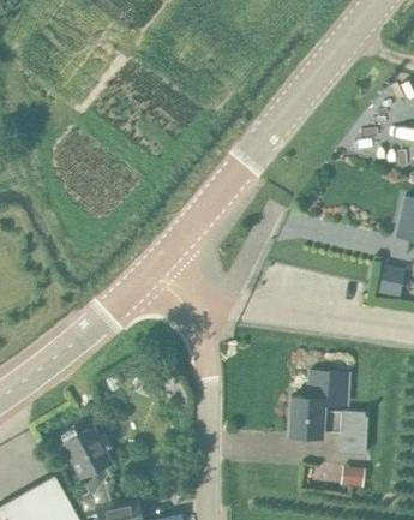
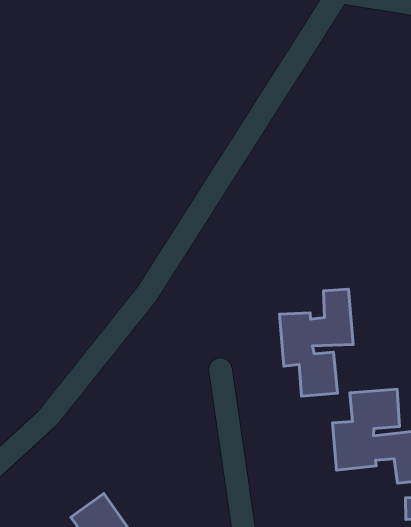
building: none -> [280,289,353,396]

